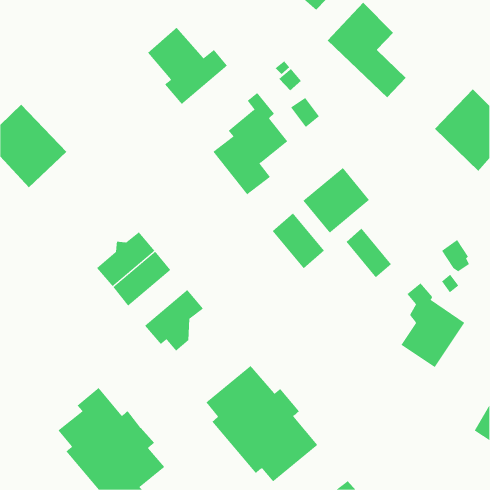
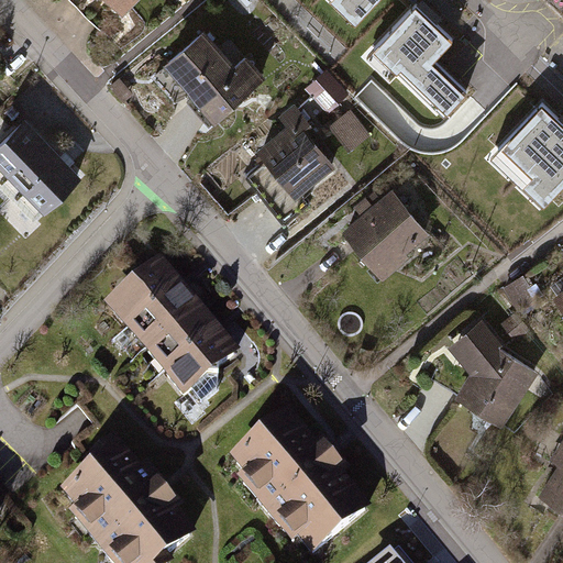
building: [272,212,325,269] -> none
building: [346,228,392,278] -> none
building: none -> [146,309,214,373]

